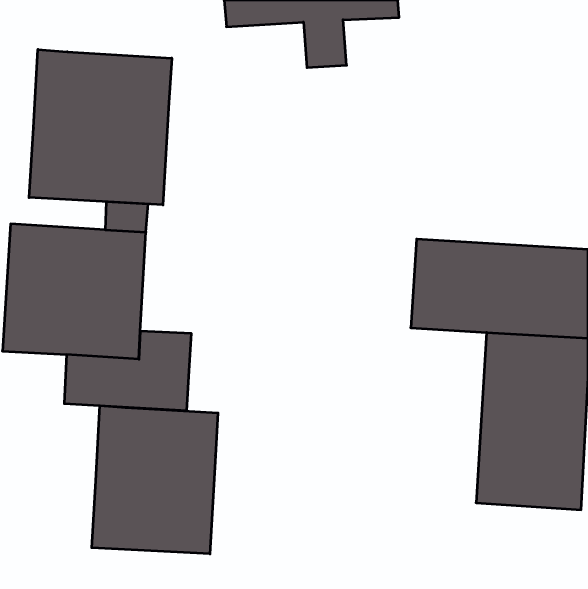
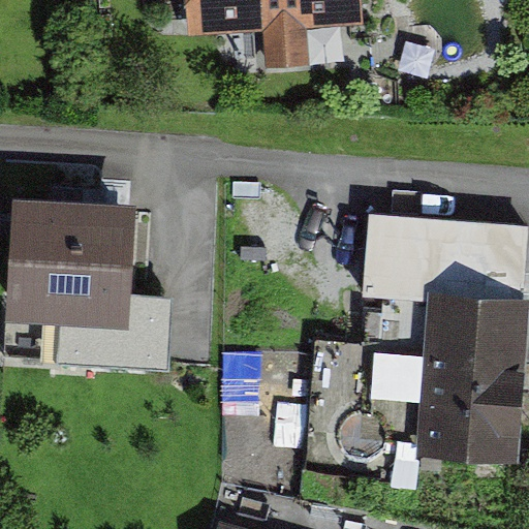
building: [29,49,172,205] -> none
building: [92,406,218,554] -> none

